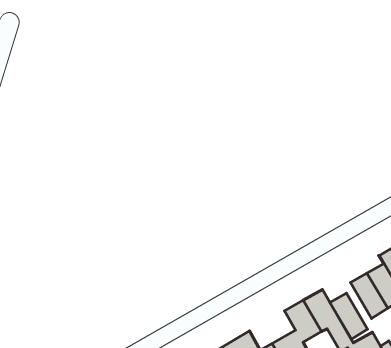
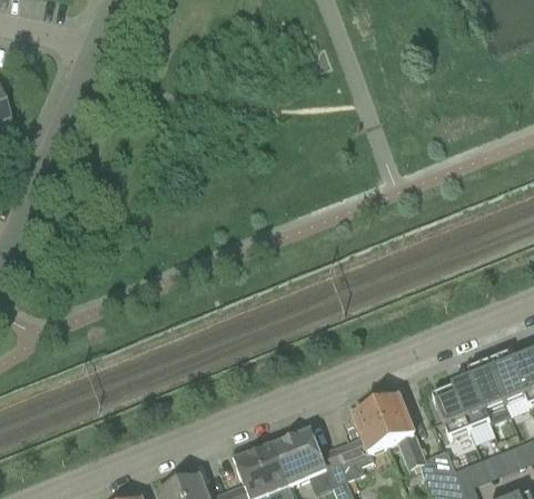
building: [330,293,367,339] -> none

